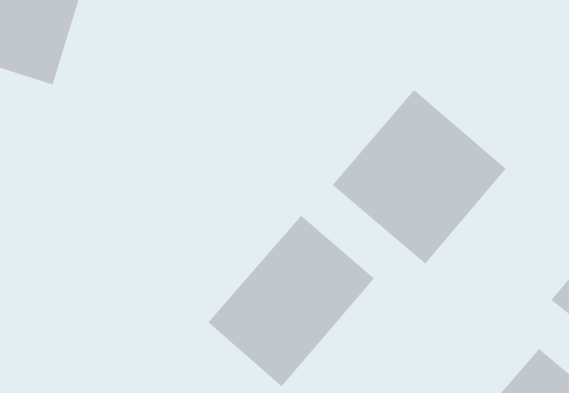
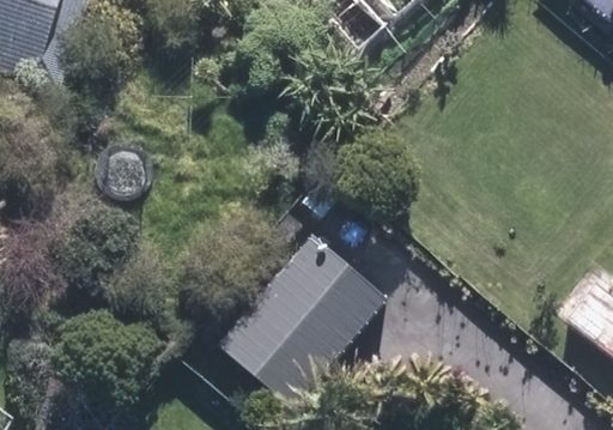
building: [332,89,506,264] -> none

